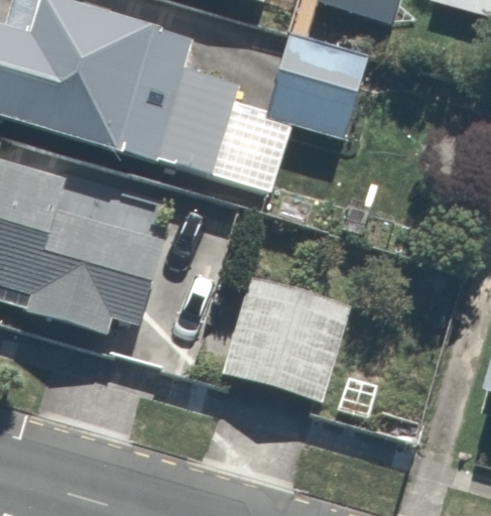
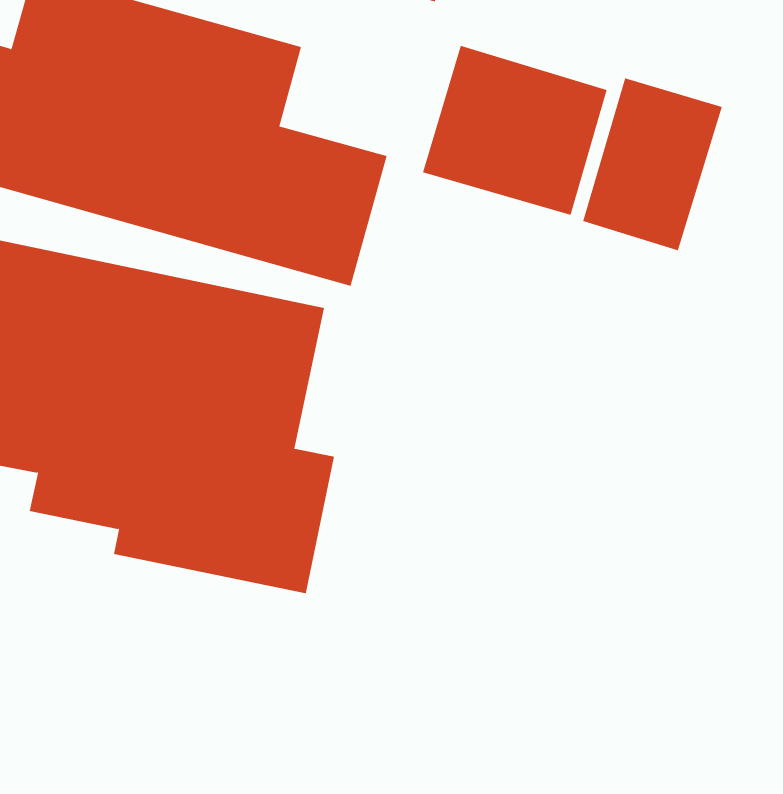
building: none -> [582,77,722,251]
building: [215,279,349,407] -> none

